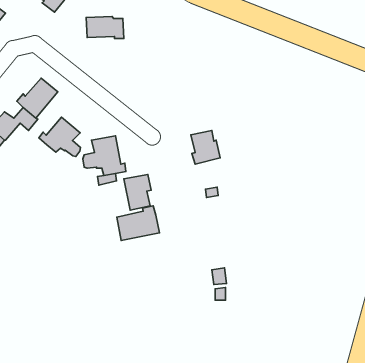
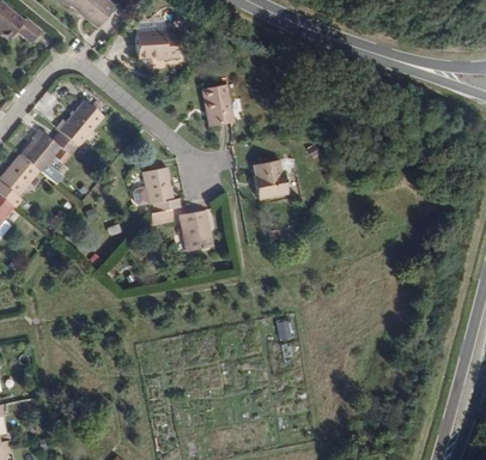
building: none -> [203,83,235,123]
building: [39,117,81,157] -> none
building: [117,206,159,241] -> none

